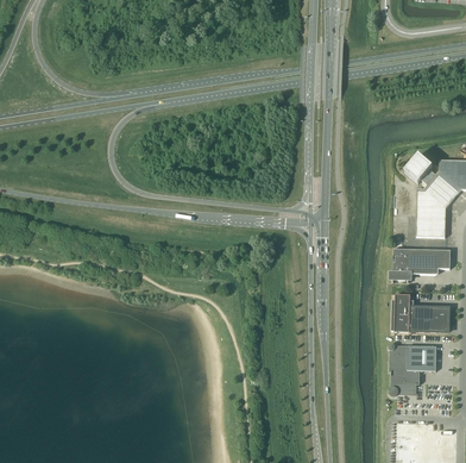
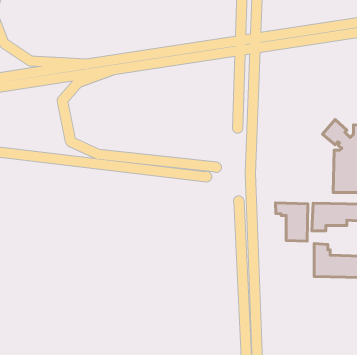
building: none -> [275,203,308,241]
building: [389,344,436,396] -> none

